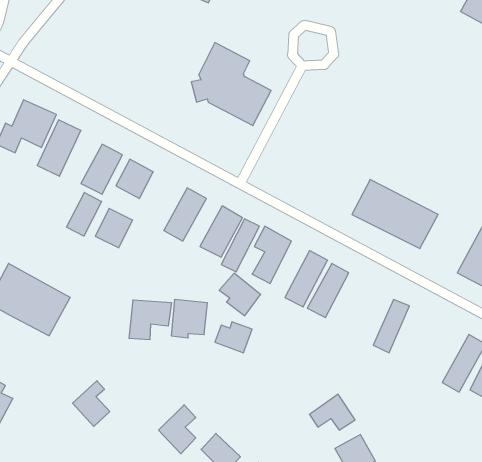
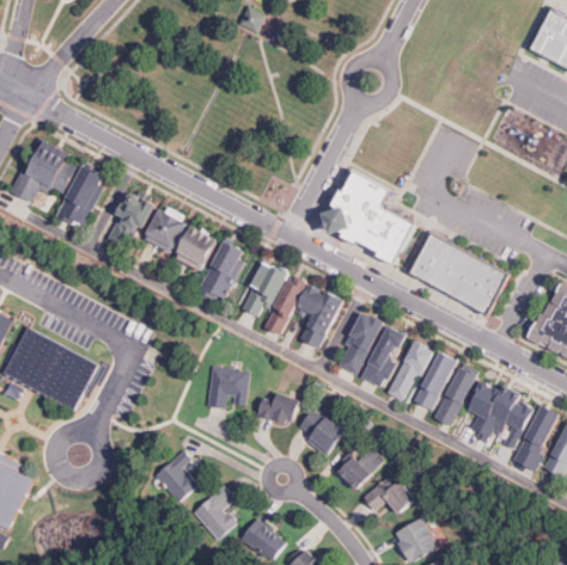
building: [191,43,271,126] -> [322,168,411,262]
building: [67,192,102,236] -> none
building: [95,208,133,248] -> [176,227,218,271]
building: [219,273,261,316] -> [297,409,343,456]
building: none -> [388,340,432,403]
building: none -> [414,352,457,411]
building: [129,300,171,340] -> none
building: none -> [468,380,535,452]
building: none -> [337,447,383,490]
building: [73,381,110,426] -> [154,450,196,502]

